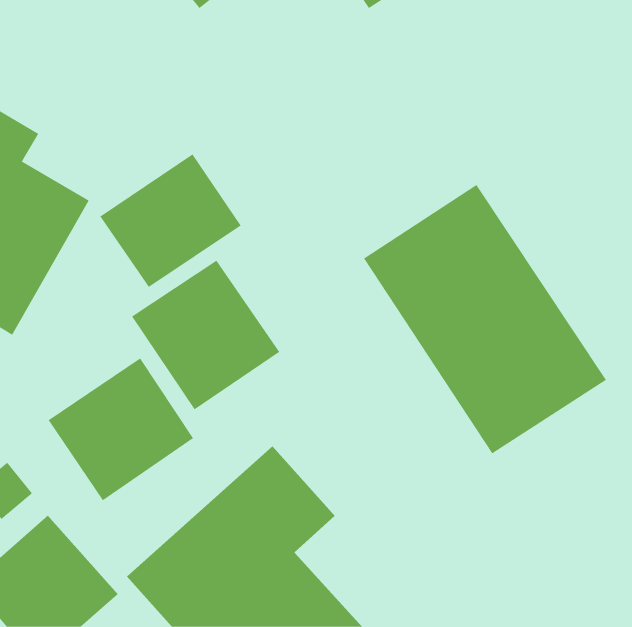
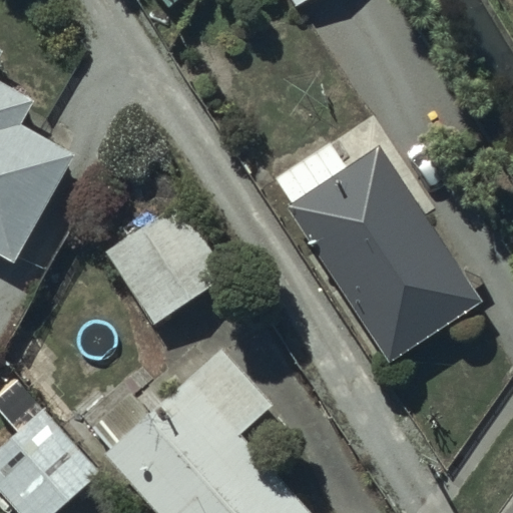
building: [99,153,242,288] -> none
building: [48,357,194,501] -> none

